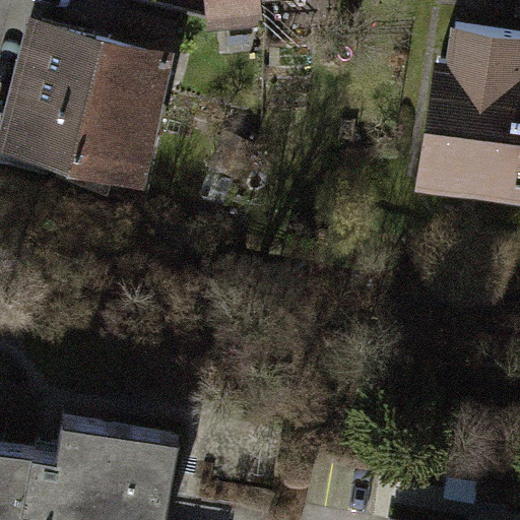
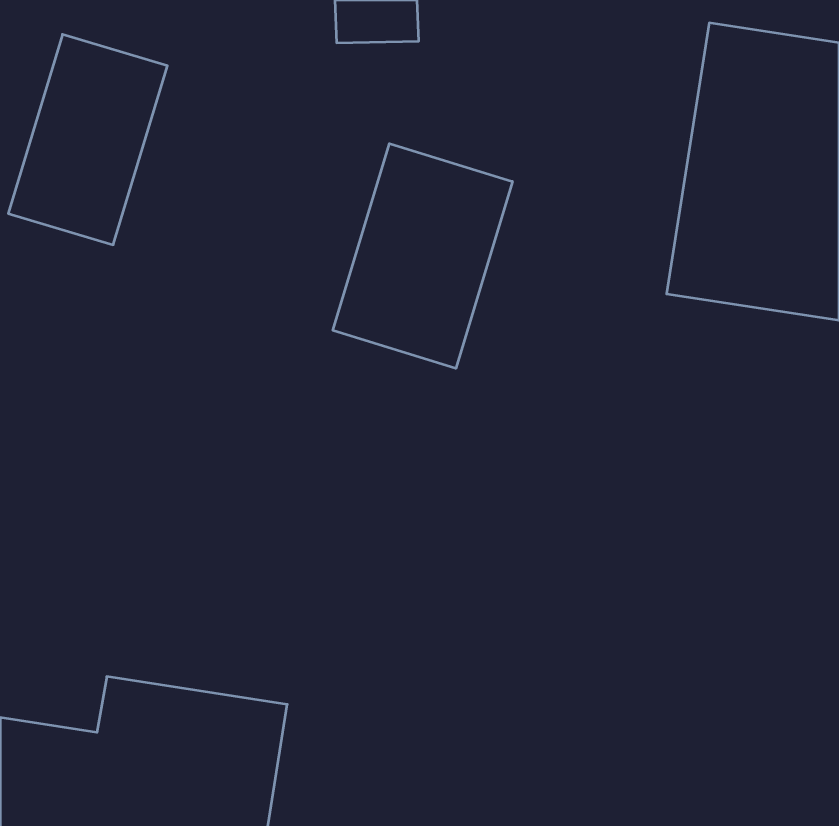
building: [70,49,169,179] -> none
building: none -> [333,144,512,368]

